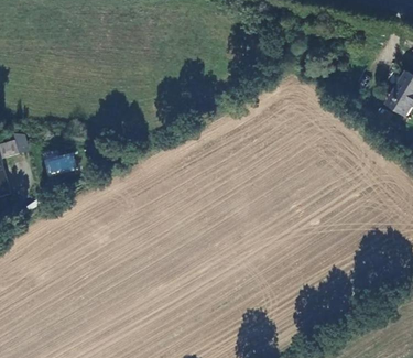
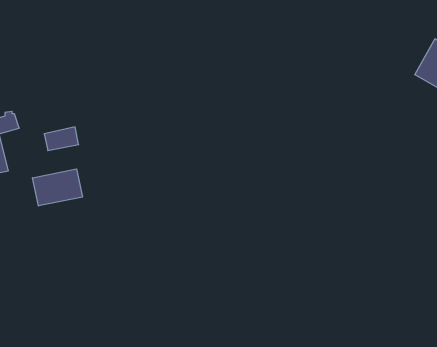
building: none -> [33,169,82,206]

